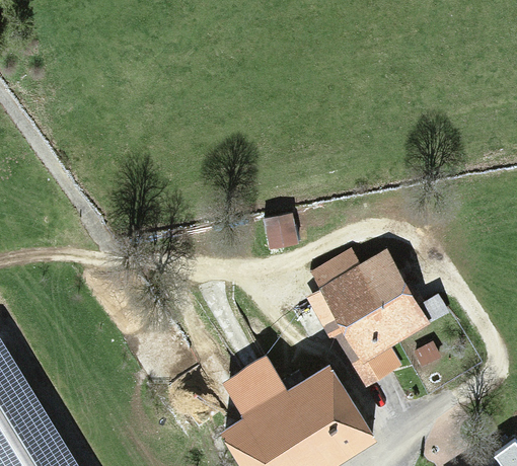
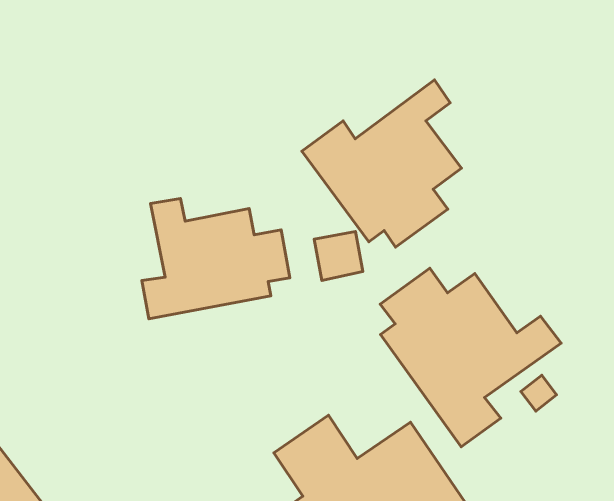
building: none -> [302,80,462,247]
building: none -> [142,199,290,319]

